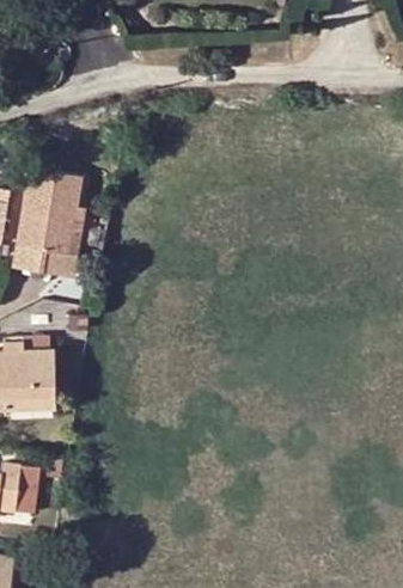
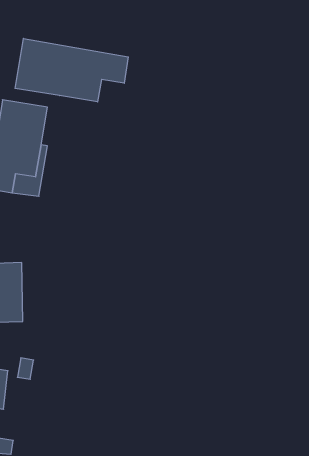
building: none -> [15,38,128,102]

